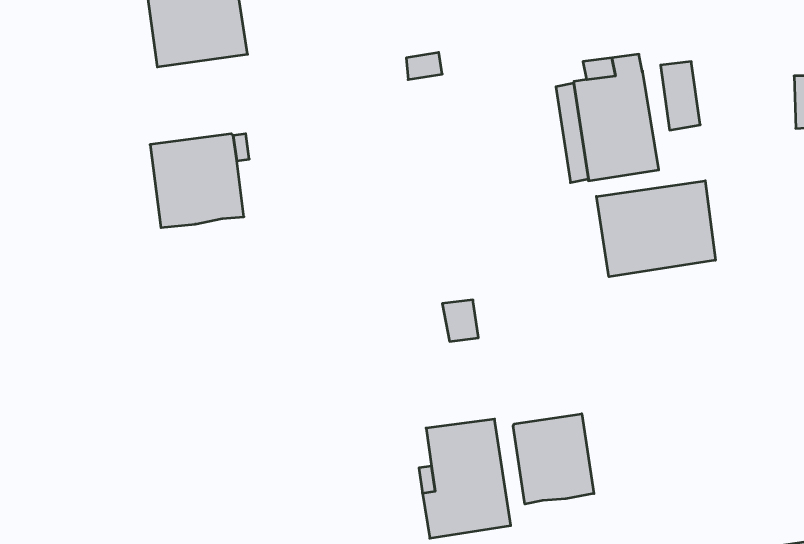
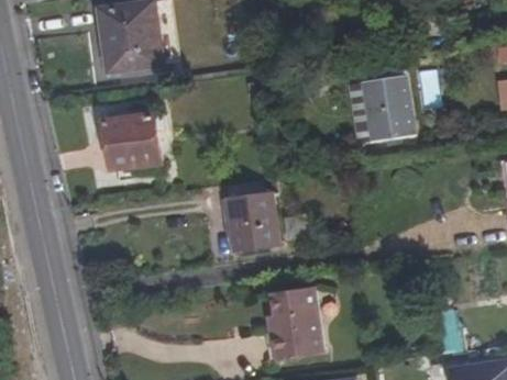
building: [596,181,715,277] -> none
building: none -> [227,191,279,253]
building: [513,414,594,504] -> none

